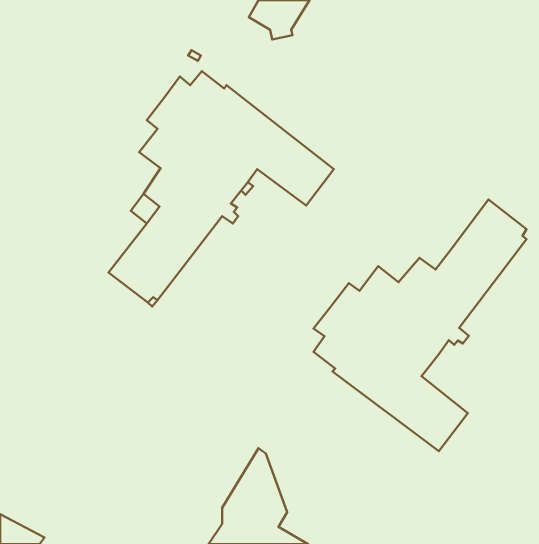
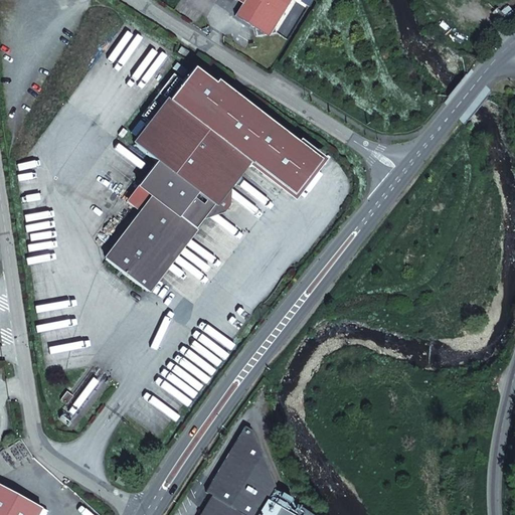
building: [314,200,526,451] -> none

